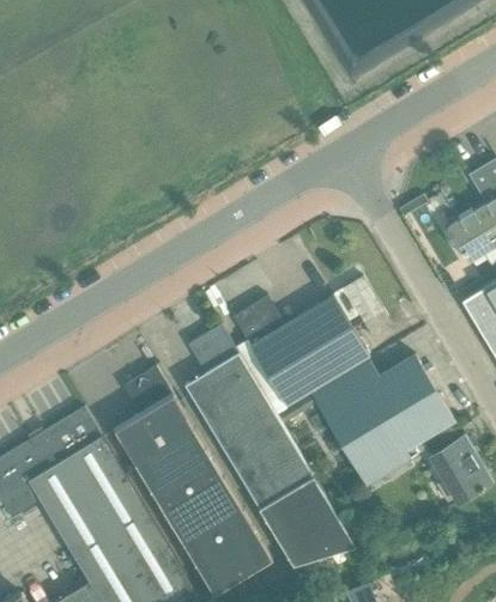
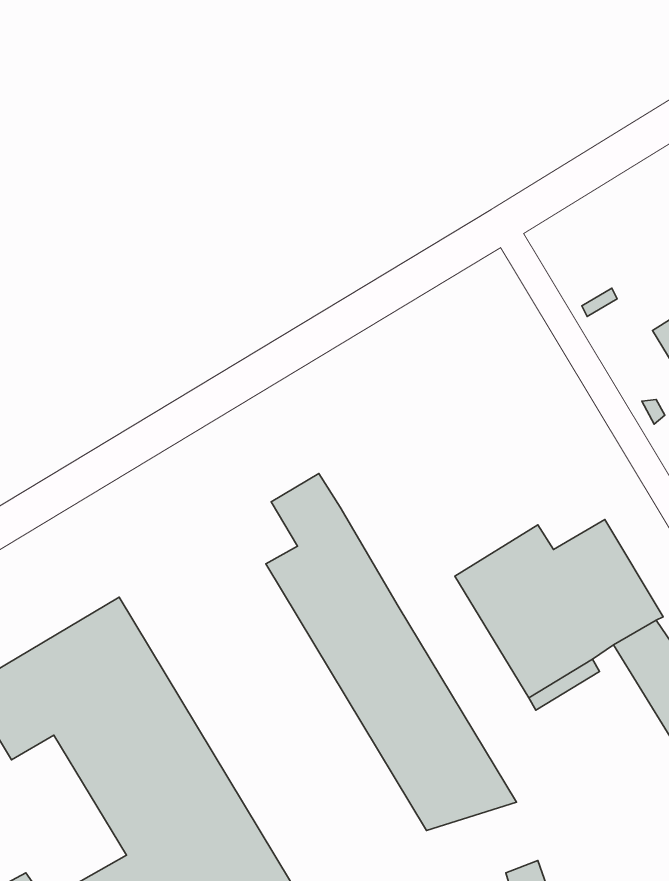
building: [234,290,368,414] -> none
building: [114,367,272,595] -> none

